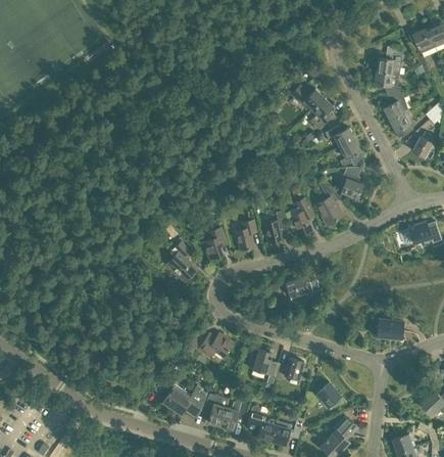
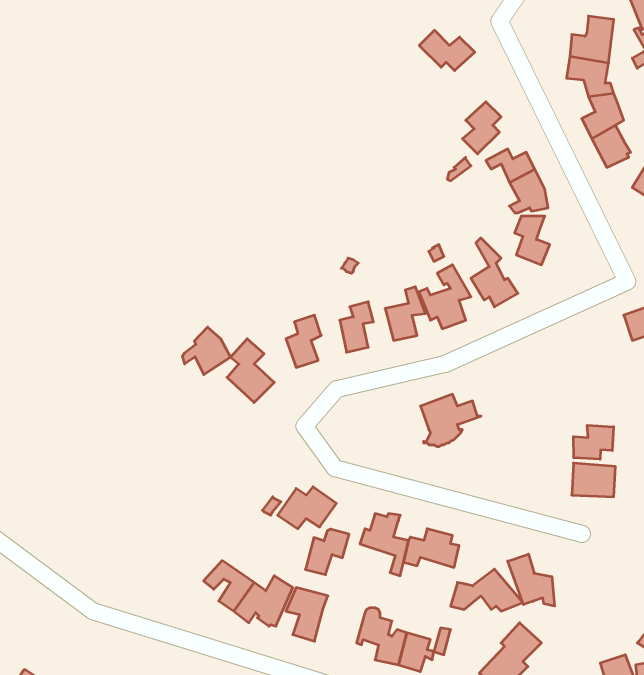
building: [291,85,325,109] -> [419,30,475,71]
building: none -> [182,327,230,375]
building: none -> [573,425,614,459]
building: none -> [508,554,555,606]
building: [220,402,247,429] -> [305,529,349,575]

